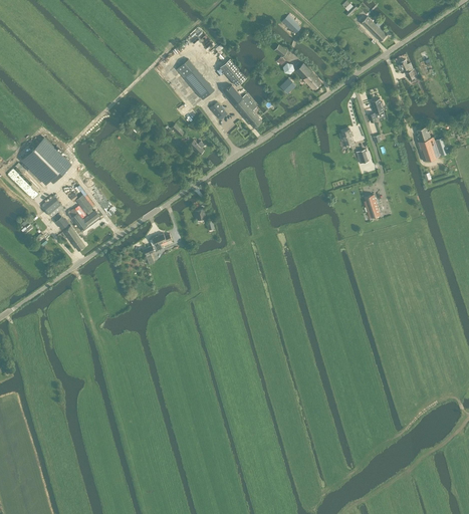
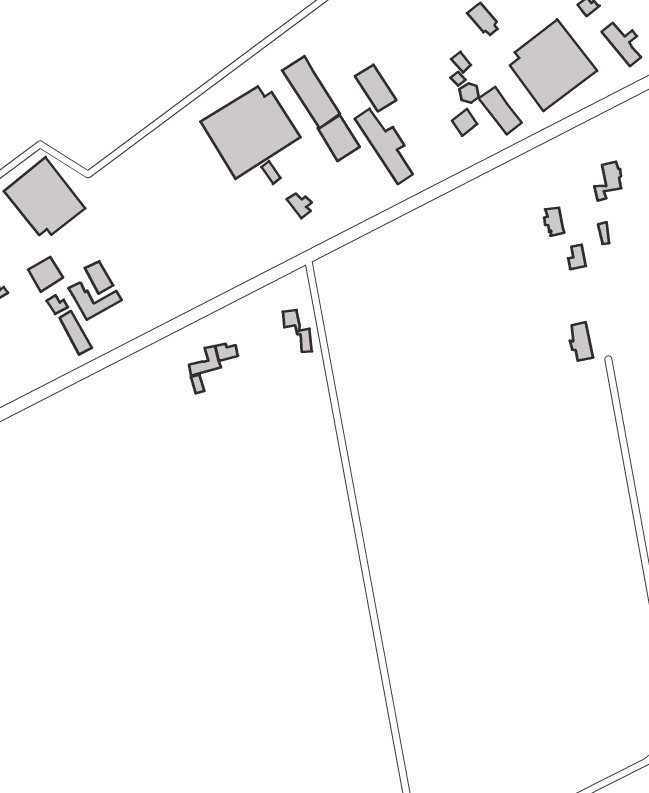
building: none -> [510,19,597,111]
building: none -> [200,86,301,179]

